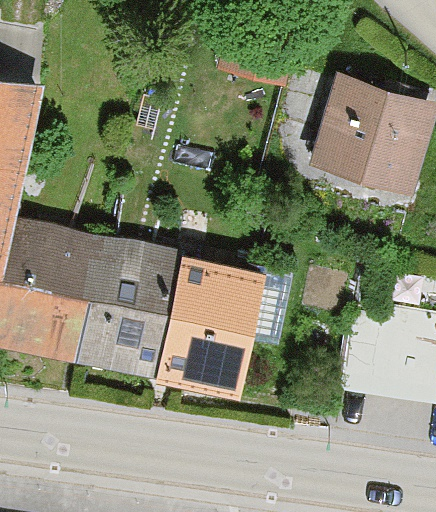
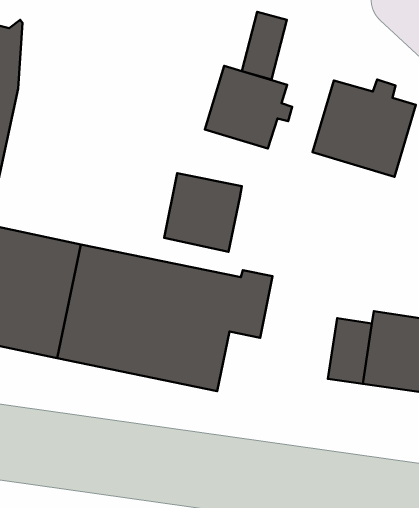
building: none -> [205,66,292,148]
building: none -> [164,173,242,252]

